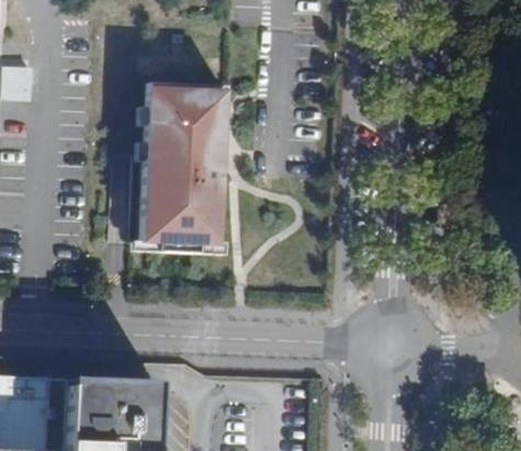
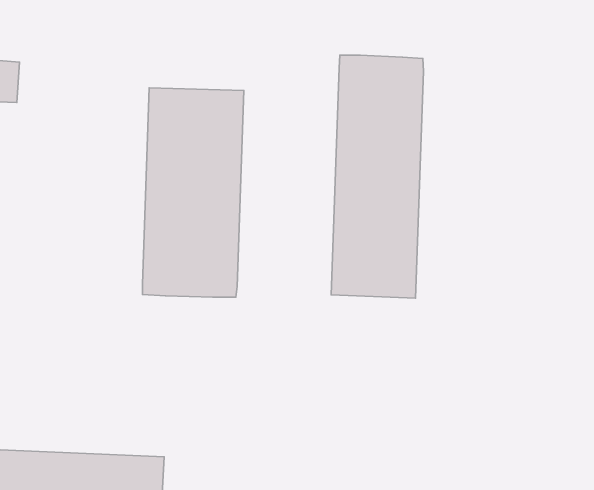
building: none -> [331,55,423,298]

